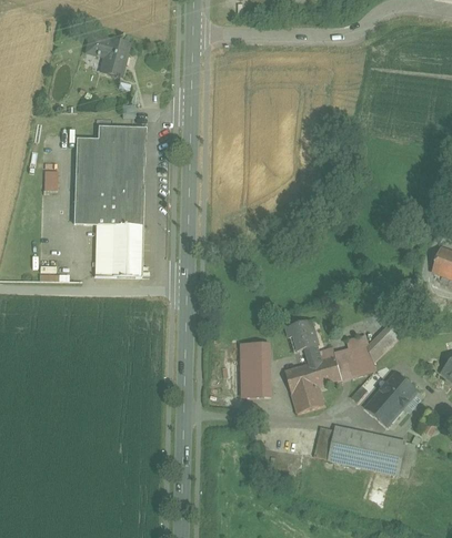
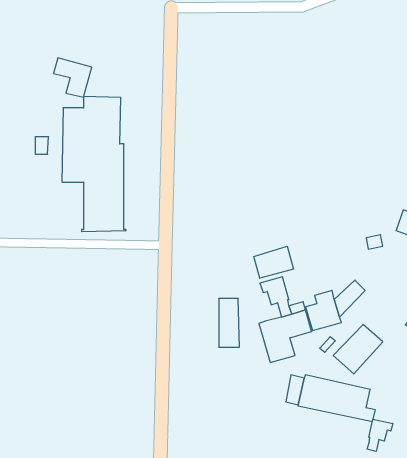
building: [88,33,129,75] -> [54,58,92,97]
building: none -> [254,246,293,278]
building: none -> [367,419,393,451]

